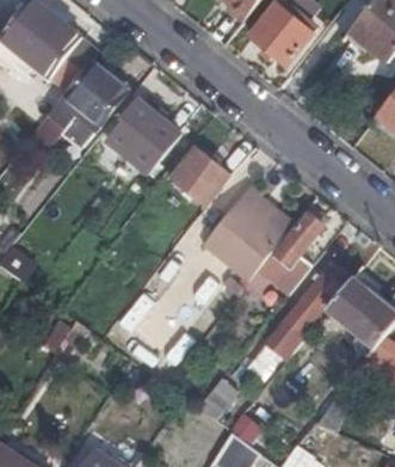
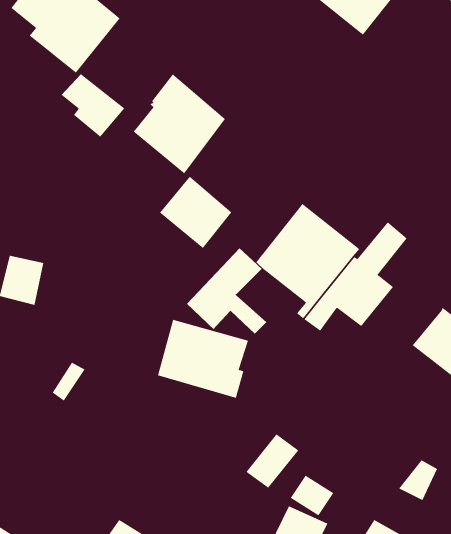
building: [67,62,128,123] -> none
building: [174,146,232,203] -> [159,176,232,249]
building: [263,265,348,362] -> none

